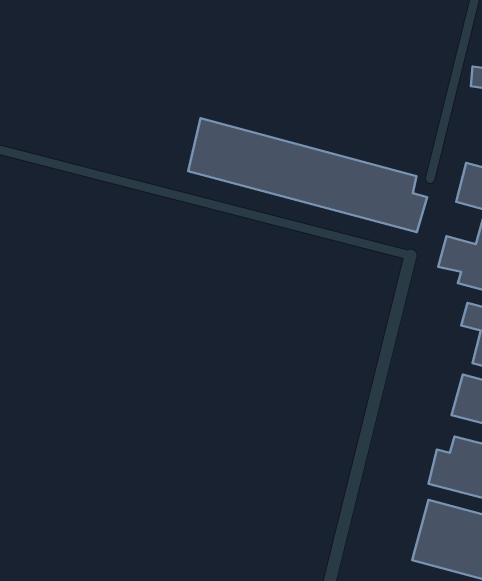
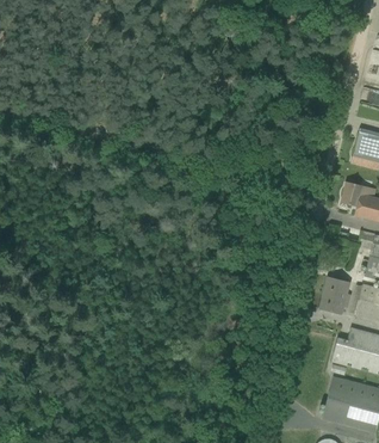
building: [188,118,427,232] -> none
building: none -> [319,276,352,313]

